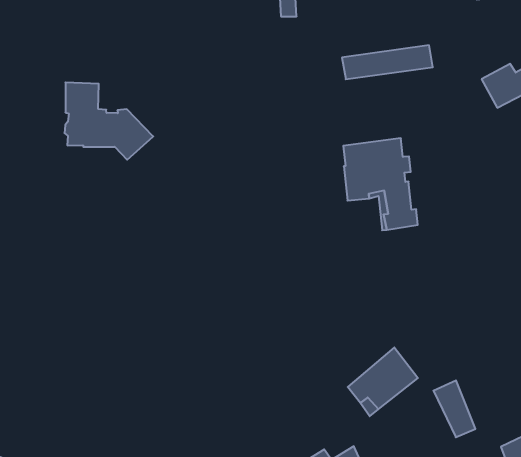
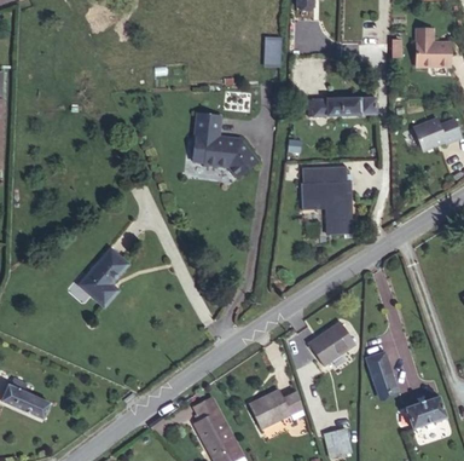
building: [64,82,153,160] -> [192,111,260,175]
building: none -> [80,247,129,305]

